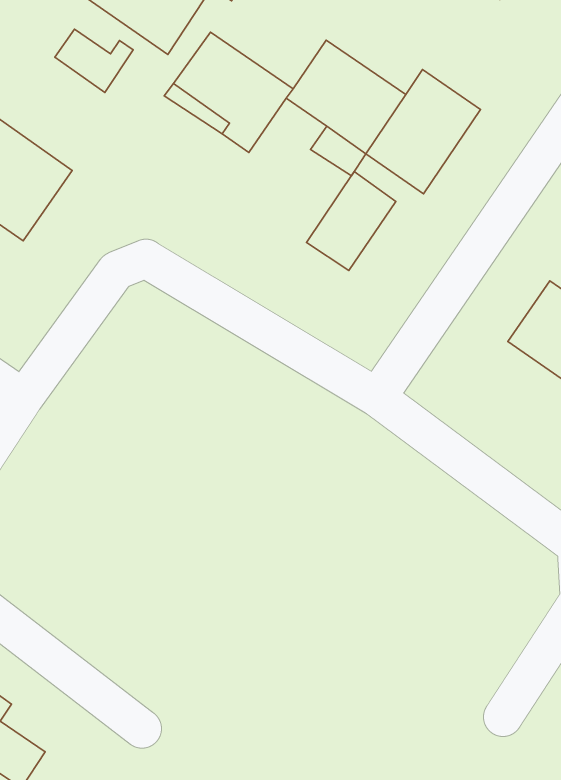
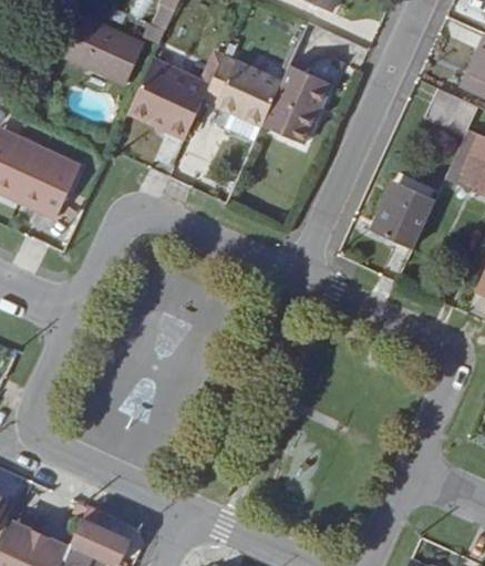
building: [55,29,133,92] -> none
building: [307,172,396,271] -> none

